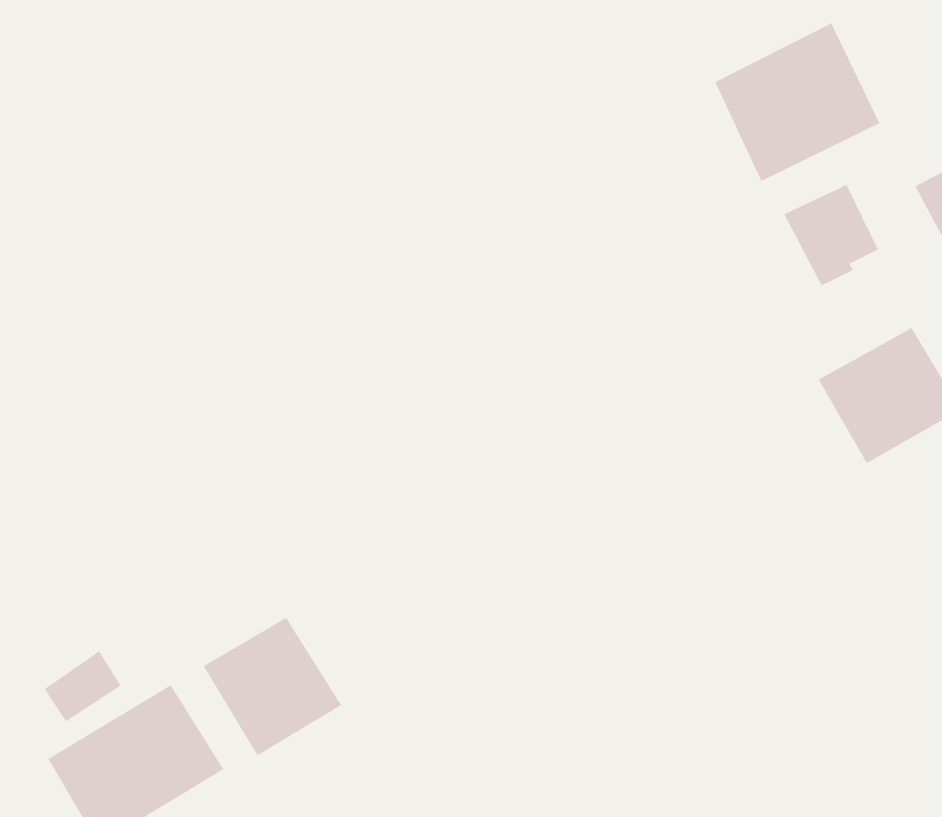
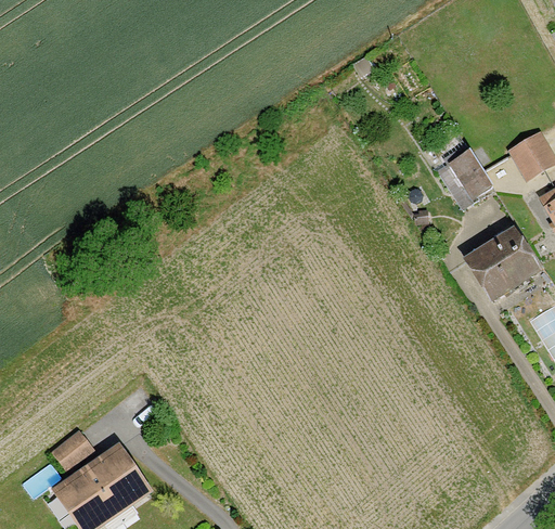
building: [714,23,880,182] -> none
building: [203,617,342,756] -> none

